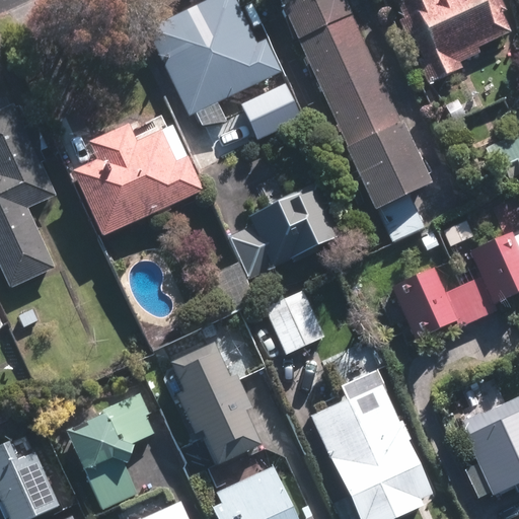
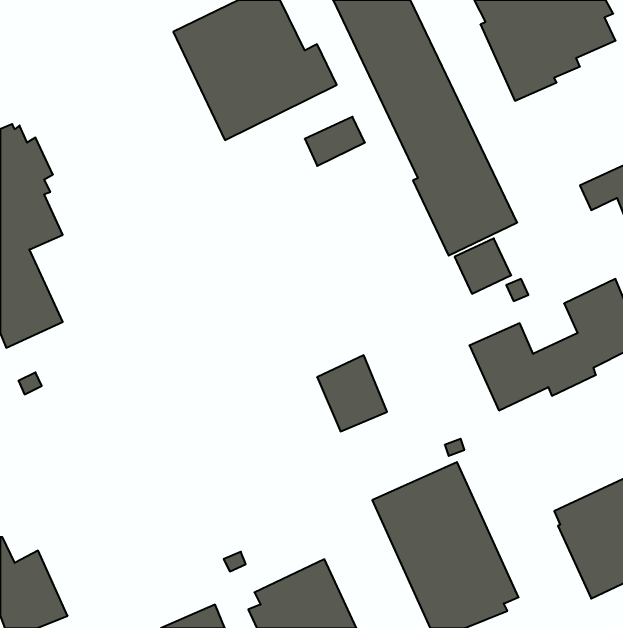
building: [74,126,207,238] -> none
building: [231,181,344,276] -> none
building: [171,347,255,457] -> none
building: [66,389,157,508] -> none

